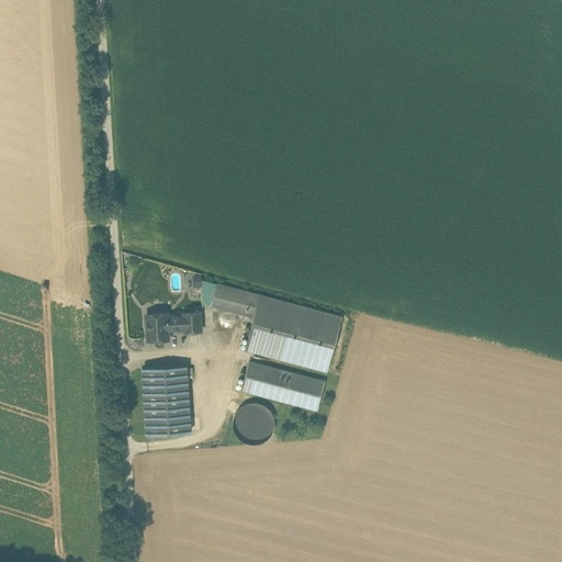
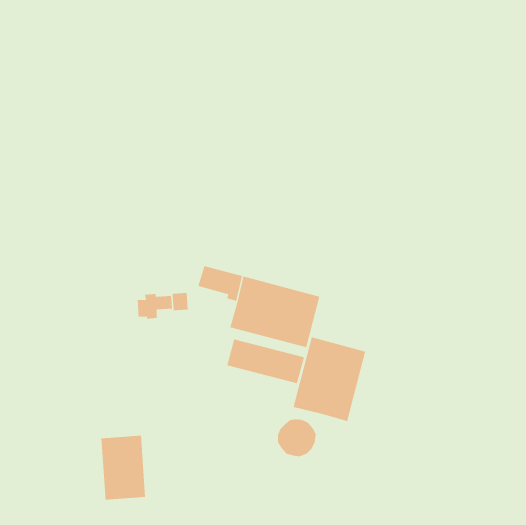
building: none -> [293,337,366,422]
building: [142,367,190,436] -> [101,435,146,500]
building: [233,403,274,443] -> [277,419,316,457]

